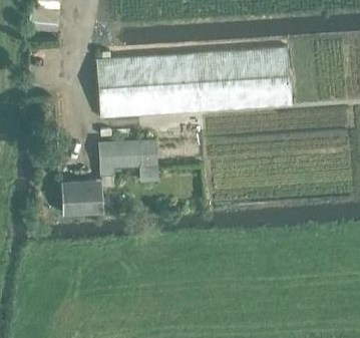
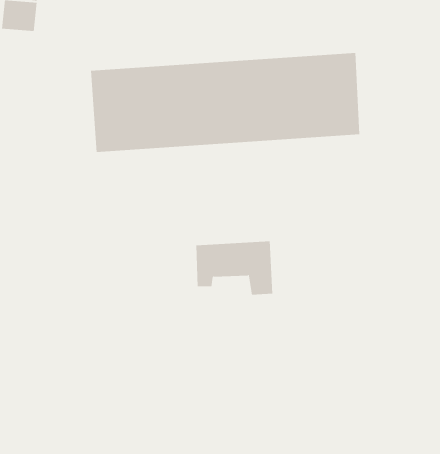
building: [101,140,157,180] -> [195,241,273,295]
building: [61,180,102,214] -> none

